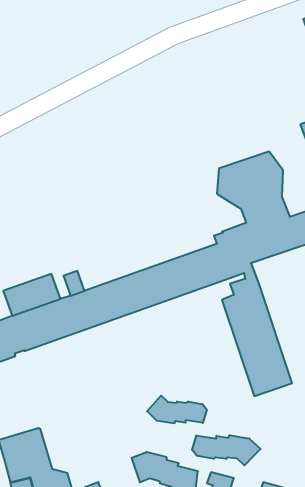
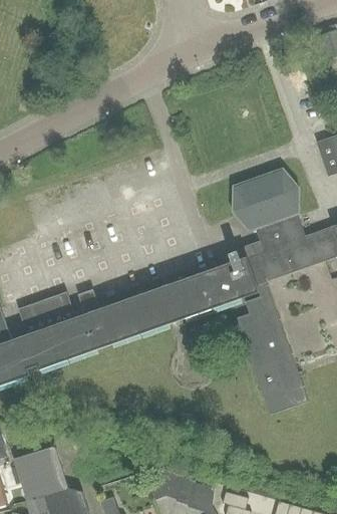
building: [147,396,207,423] -> none
building: [192,435,261,465] -> none

